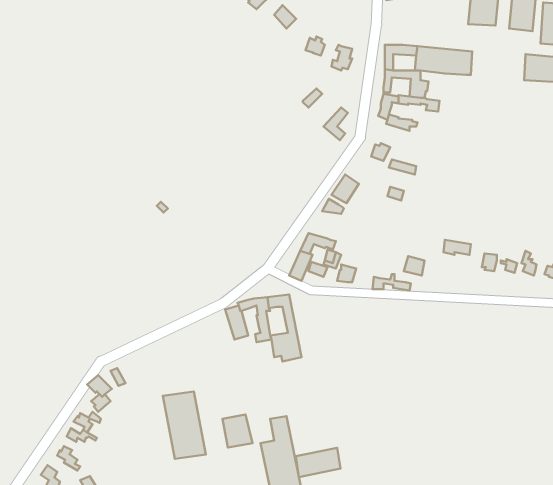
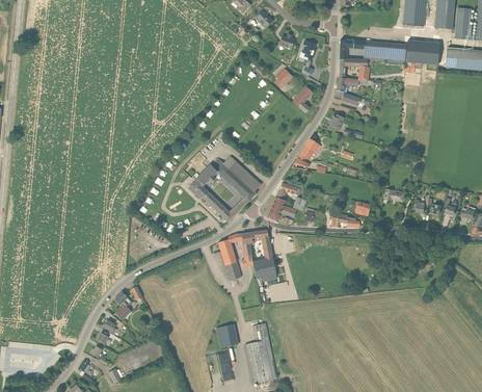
building: none -> [406,40,439,63]
building: none -> [188,157,260,220]
building: [163,392,206,459] -> none
building: [296,448,340,477] -> none

